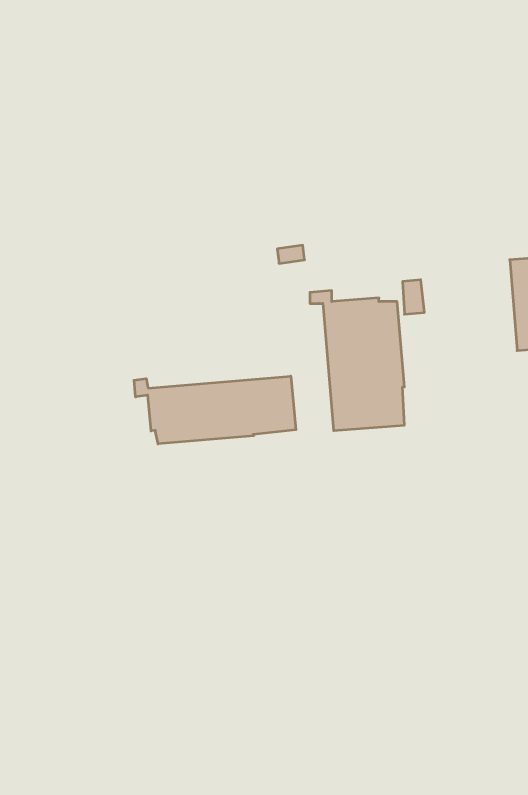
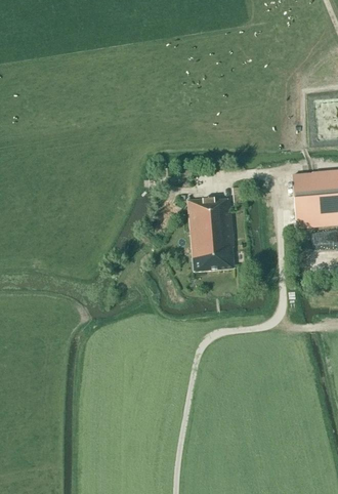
building: [134,376,296,444] -> none

